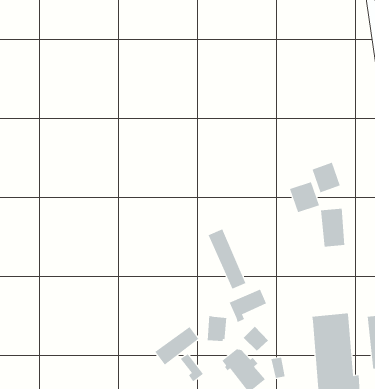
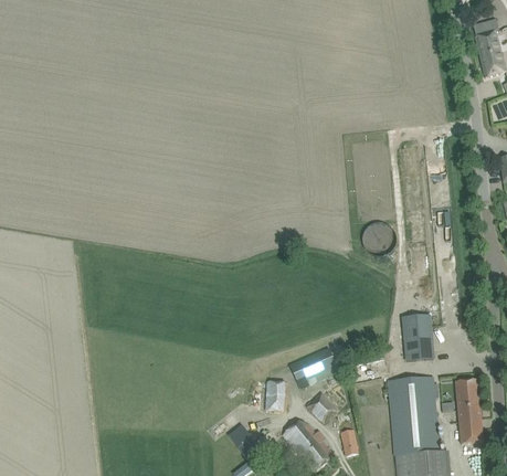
building: [312,162,341,193] -> none
building: [320,208,345,247] -> [402,314,432,360]
building: [208,228,246,289] -> none
building: [154,326,199,366] -> none

